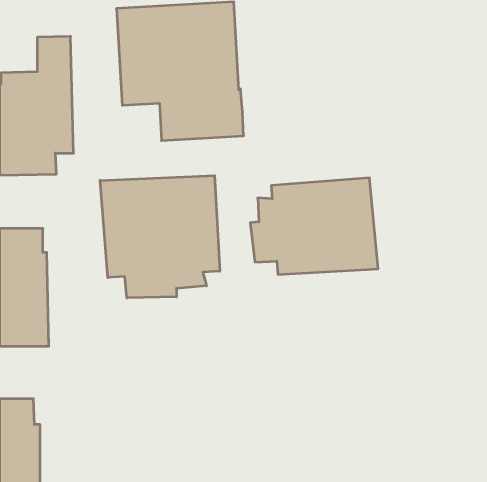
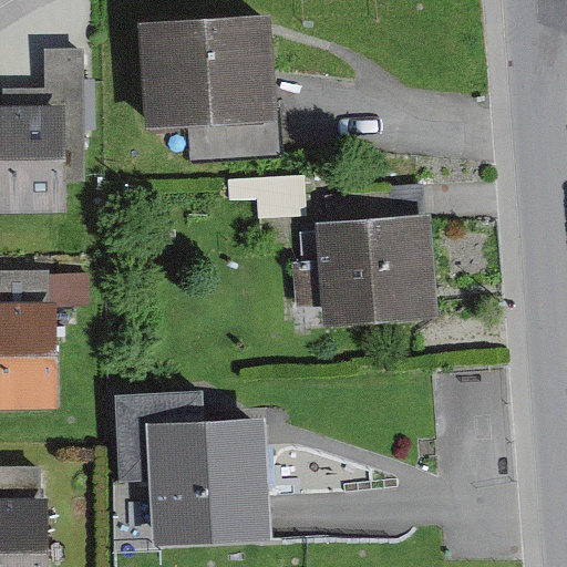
building: [100,176,220,298] -> none
building: none -> [114,391,271,547]

